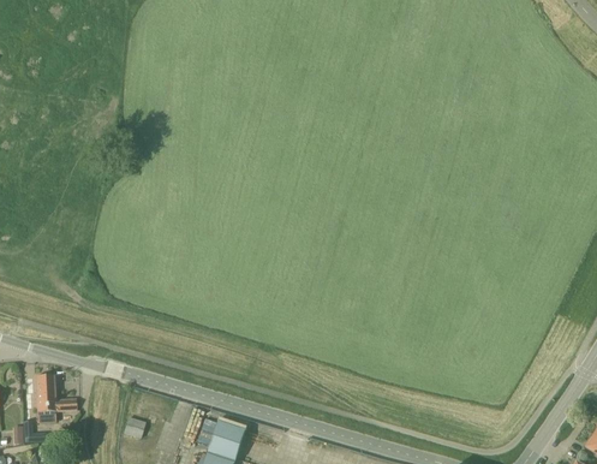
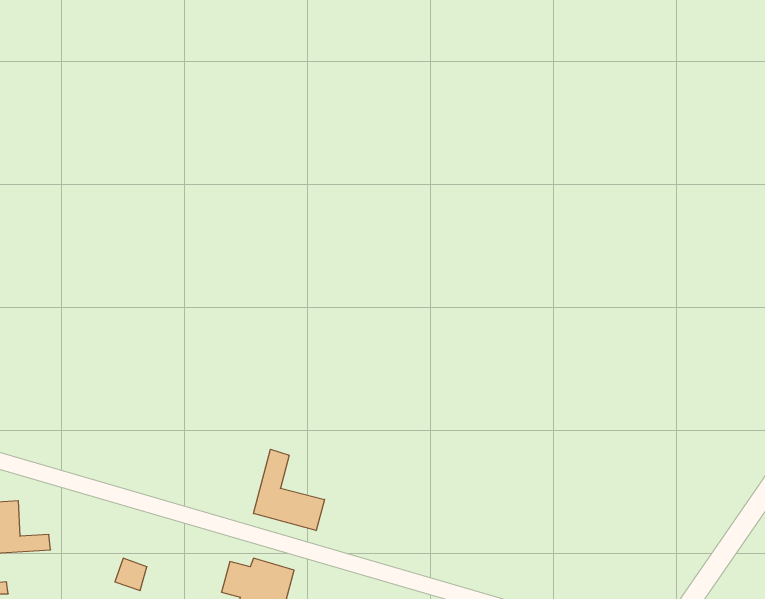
building: none -> [254,449,324,531]

